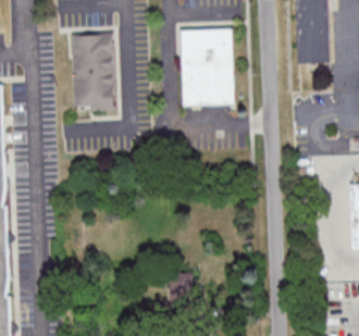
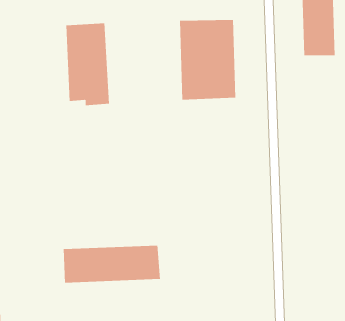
building: none -> [63,245,160,283]
building: [166,271,191,299] -> none

